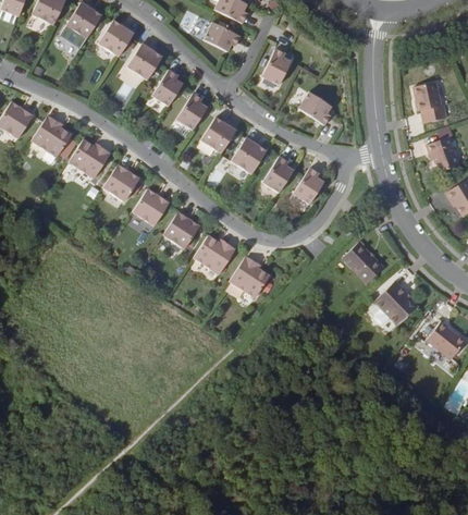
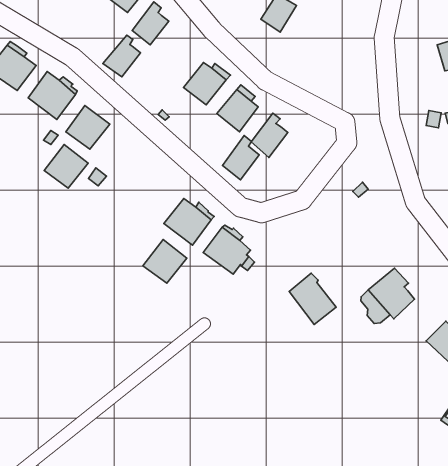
building: [175,94,207,130] -> [103,35,141,77]
building: [298,94,332,127] -> none
building: [293,167,323,205] -> [223,136,259,180]
building: [133,188,170,225] -> [44,144,88,188]
building: [163,211,200,248] -> [143,240,187,283]
building: [342,238,383,282] -> [289,273,336,324]

